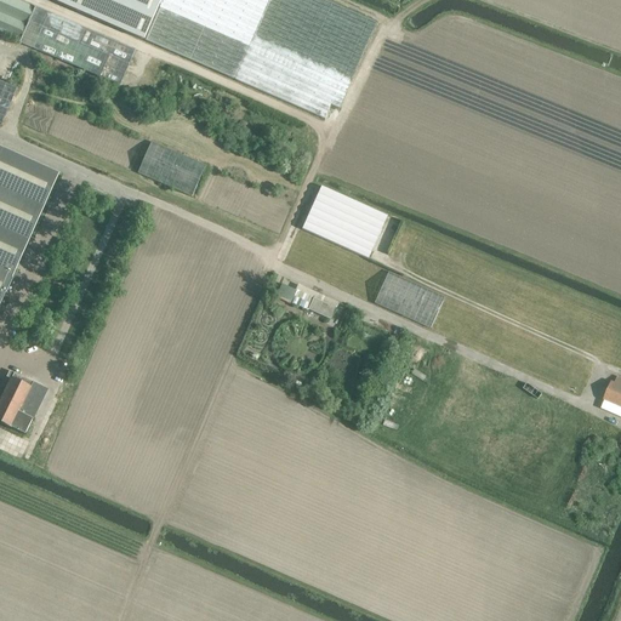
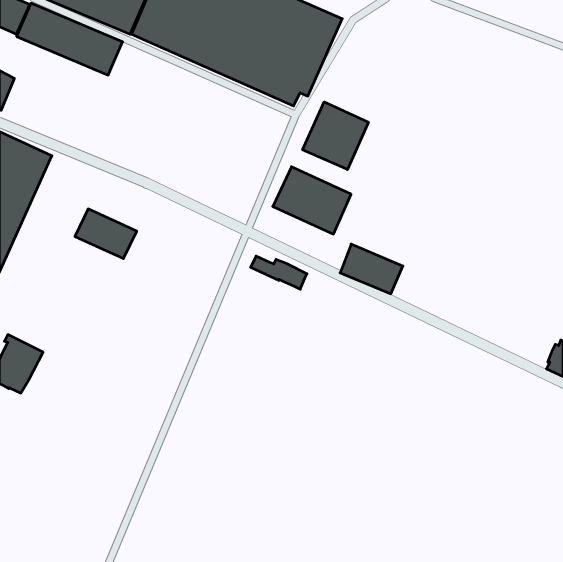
building: none -> [303,102,368,170]
building: [133,139,201,194] -> [75,209,137,259]

